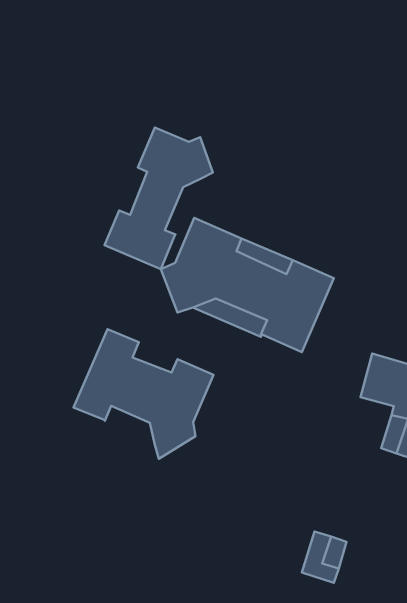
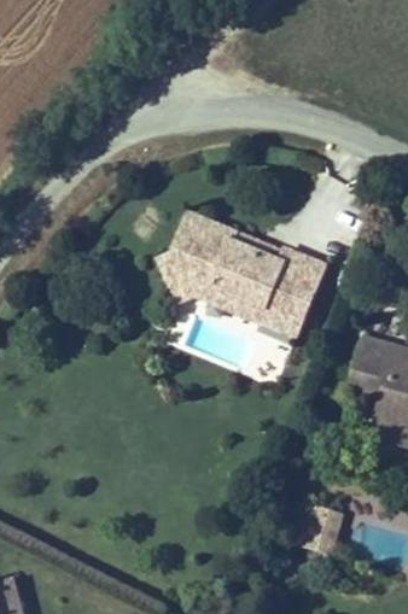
building: [105,127,213,269] -> none
building: [73,329,214,459] -> none

